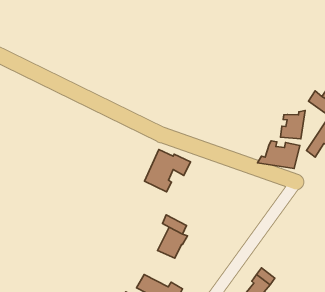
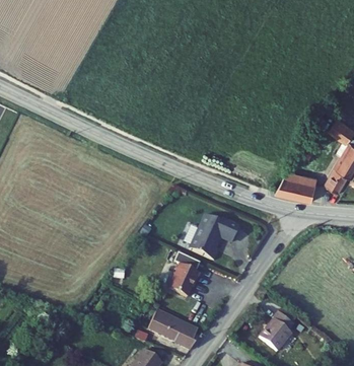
building: [280,111,305,139] -> none
building: [144,149,191,192] -> [192,213,240,258]

